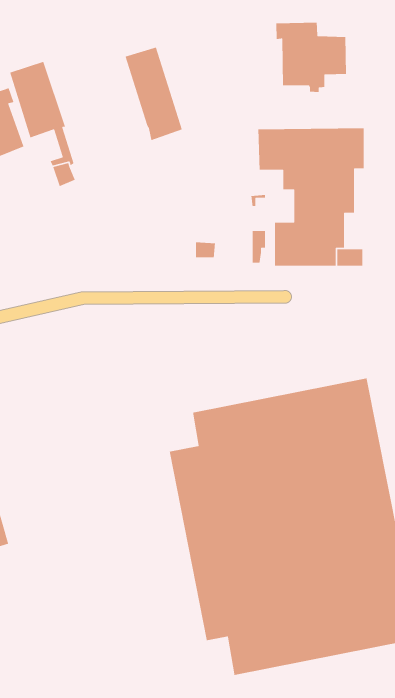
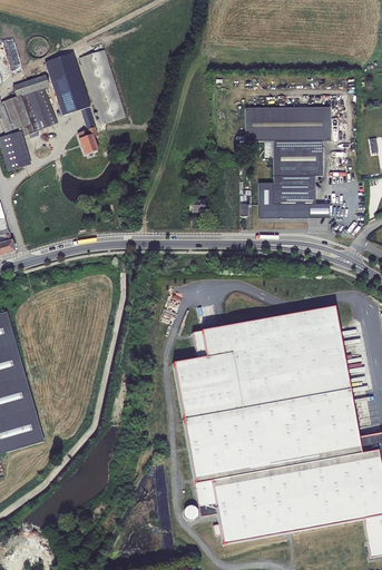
building: [276,22,347,93] -> none
building: [124,47,183,141] -> [78,48,125,124]

